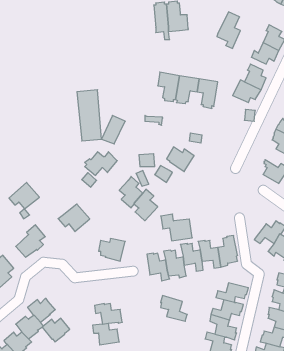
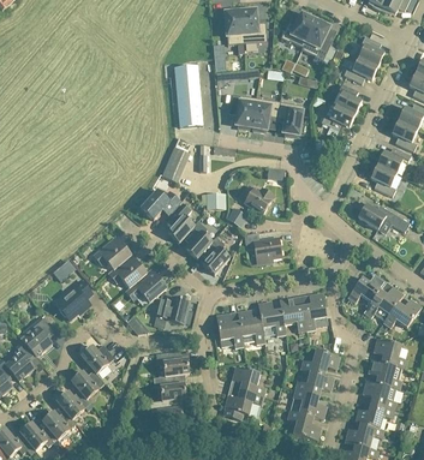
building: none -> [280,12,316,46]
building: [77,90,102,141] -> [173,64,203,126]
building: none -> [166,203,193,241]
building: [9,182,39,209] -> [94,235,131,268]
building: [161,214,192,241] -> [244,231,282,263]
building: none -> [129,268,167,301]
building: none -> [156,351,189,376]
building: none -> [223,390,263,419]
building: [42,318,70,342] -> [80,343,114,372]

